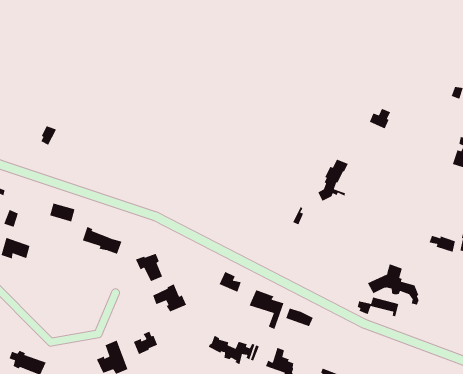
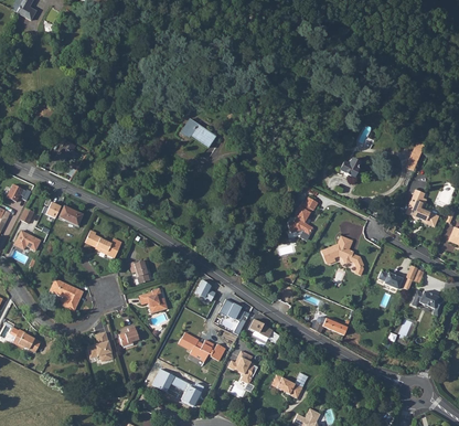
building: none -> [181,119,216,148]
building: [367,263,420,305] -> [322,237,365,276]
building: none -> [50,279,83,310]

